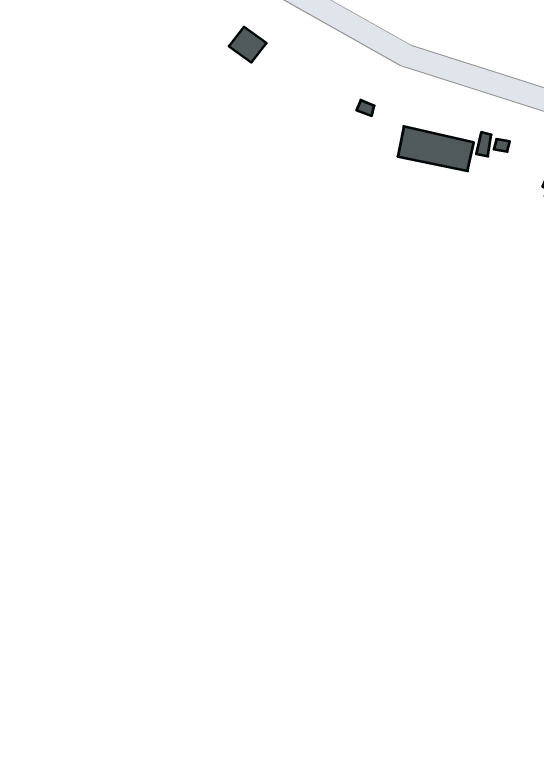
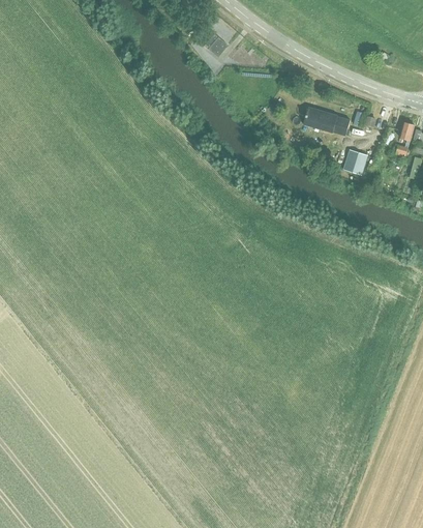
building: none -> [344,152,368,177]

